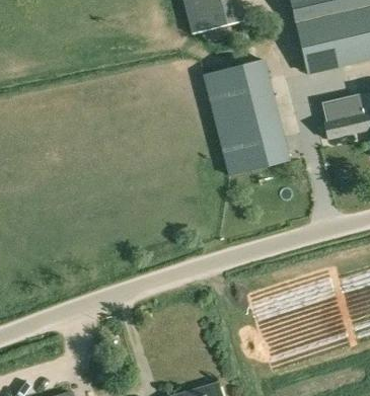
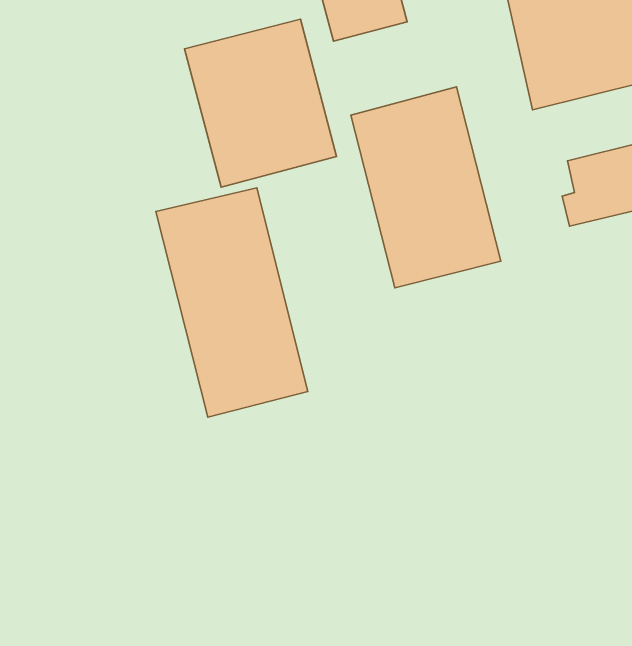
building: none -> [184,19,336,187]
building: none -> [156,188,308,417]

